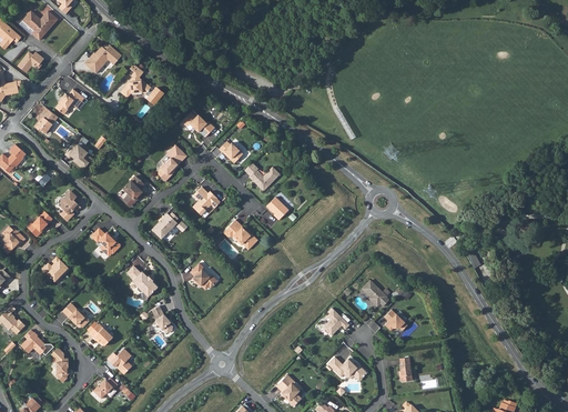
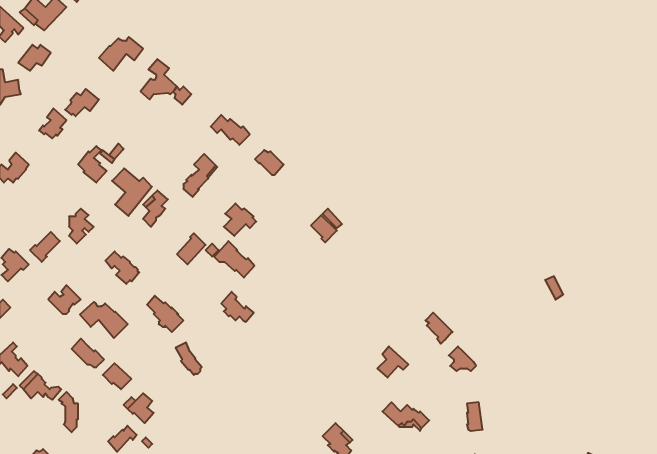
building: none -> [112,168,152,216]
building: [244,162,280,191] -> none
building: [223,219,257,250] -> [214,241,254,278]
building: none -> [80,302,128,338]

